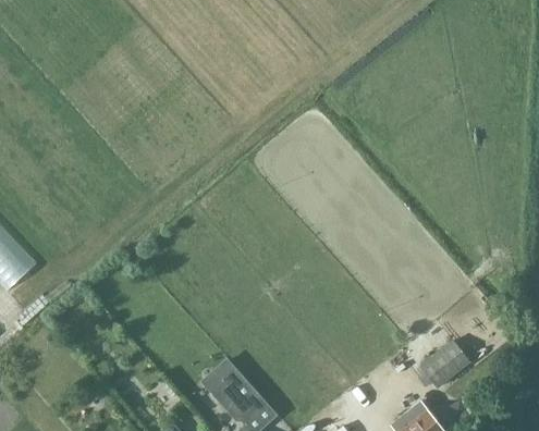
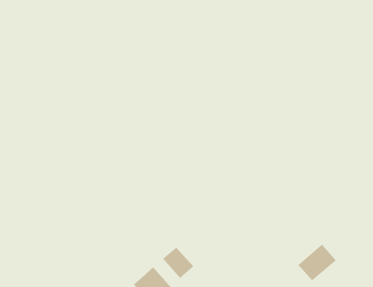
building: none -> [162,247,194,279]

